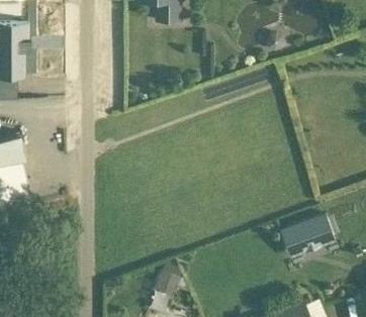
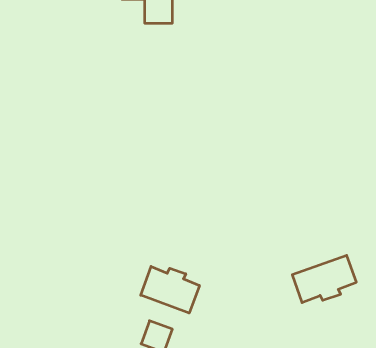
building: none -> [141,266,199,313]

